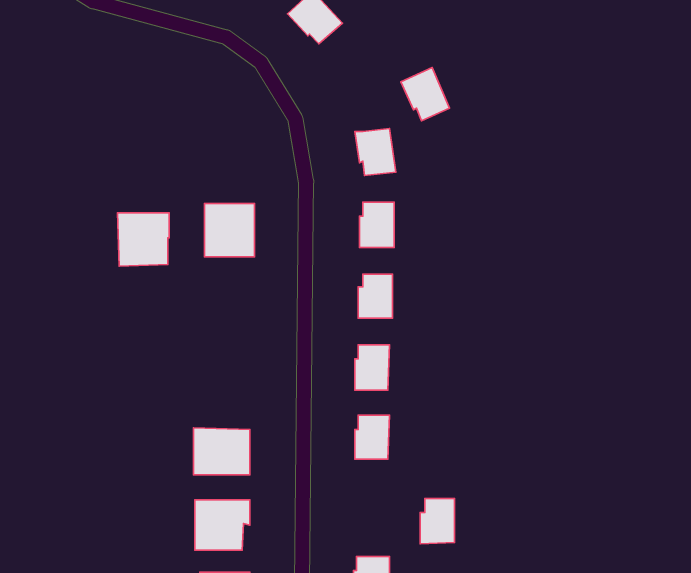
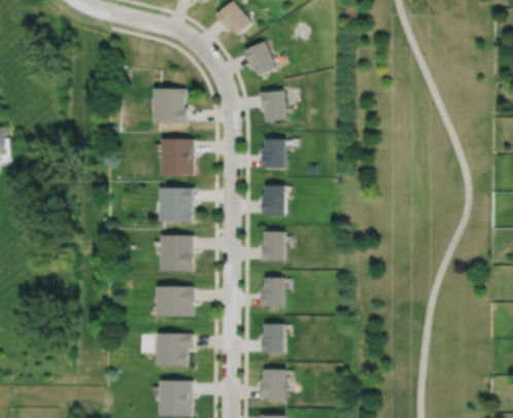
building: [401,68,450,121] -> [245,40,277,75]
building: none -> [155,88,189,123]
building: [118,213,169,266] -> [159,187,193,222]
building: none -> [159,236,193,271]
building: [420,498,455,544] -> [260,324,282,354]

